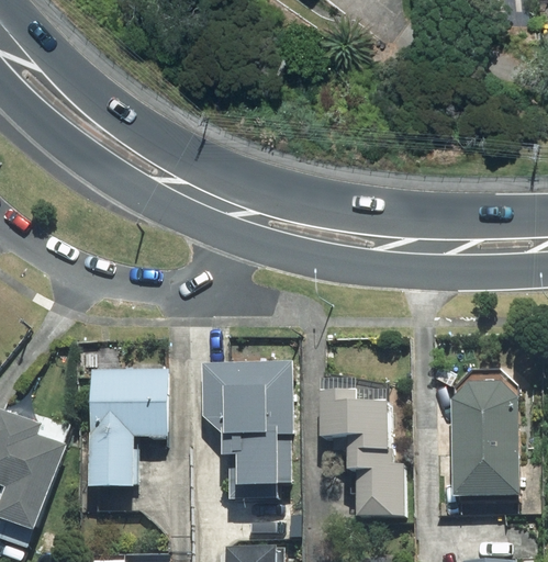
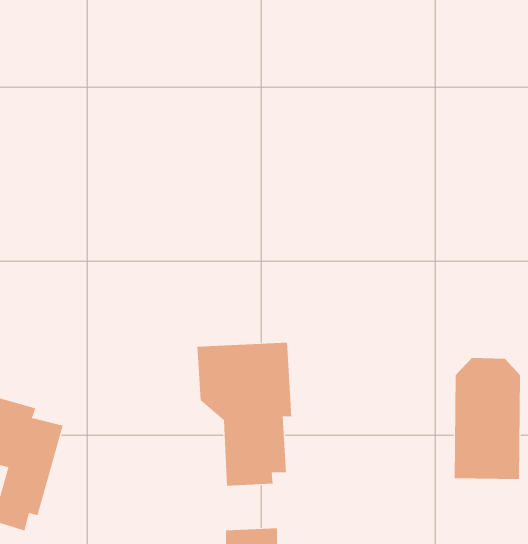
building: [88,367,169,485] -> none
building: [314,385,405,517] -> none

